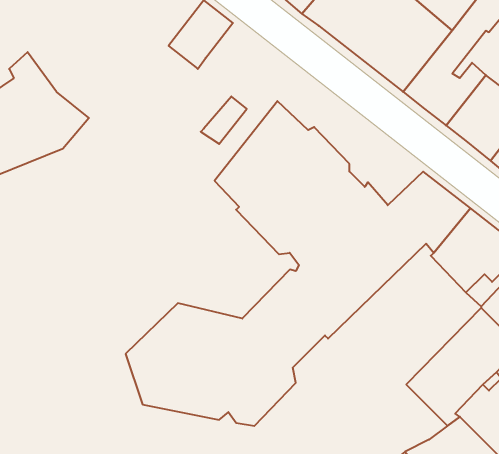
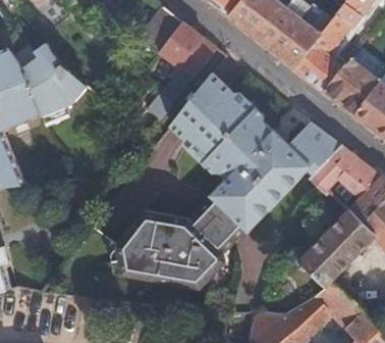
building: none -> [165,21,204,61]

